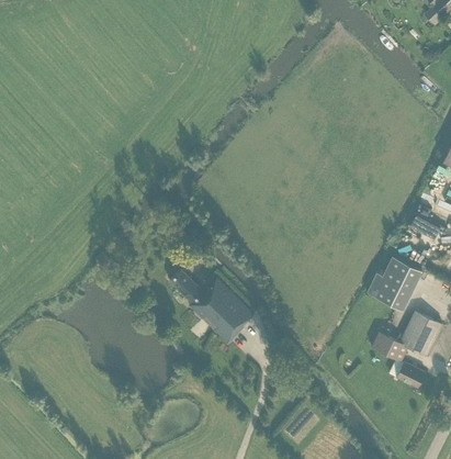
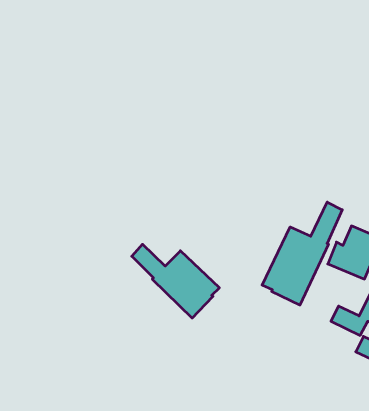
building: none -> [262,202,342,305]

